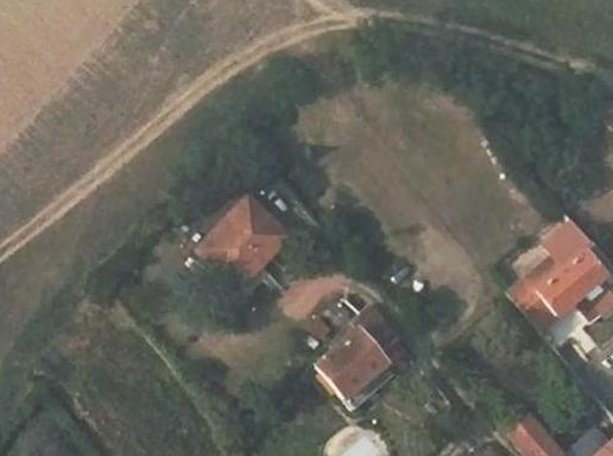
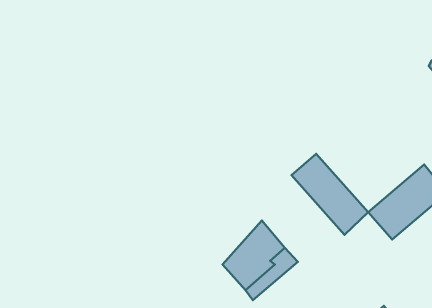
building: [198,194,287,285] -> none
building: none -> [292,154,368,235]

